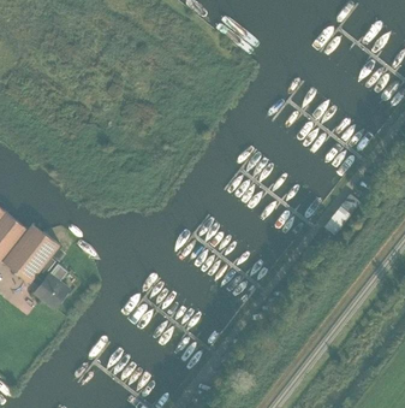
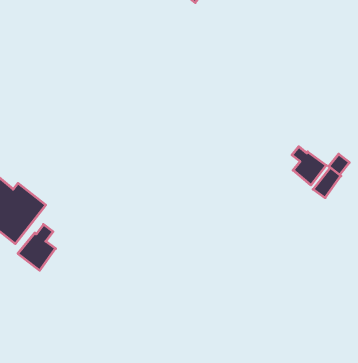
building: none -> [292,147,326,185]

